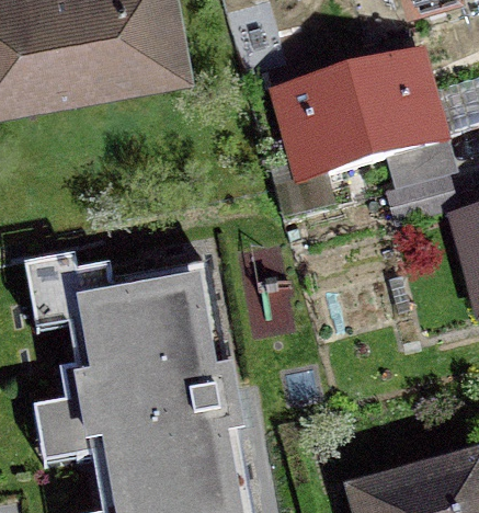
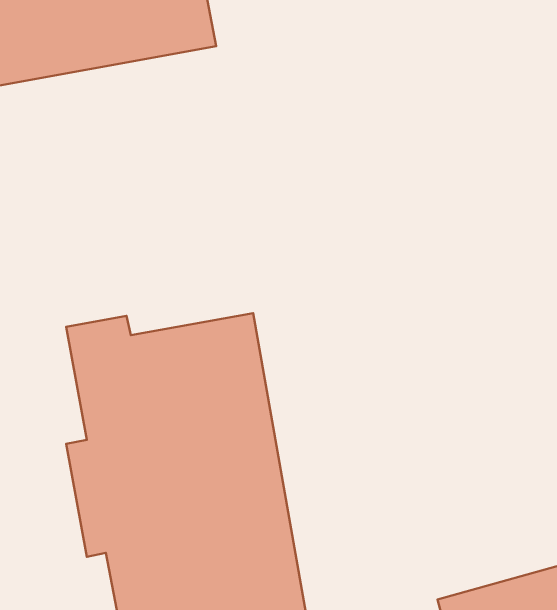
building: [275,62,441,192] -> none

